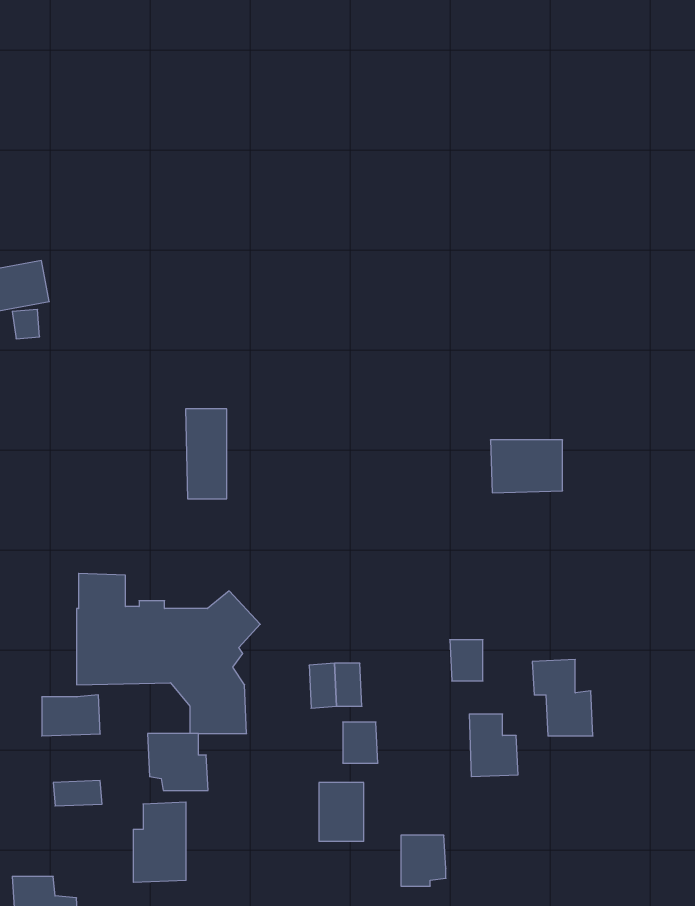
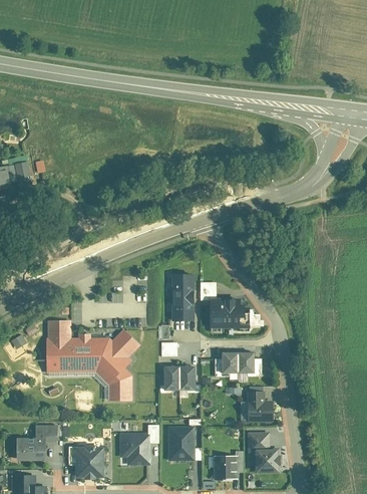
building: [186,409,227,499] -> [172,273,194,319]
building: [490,440,563,493] -> [211,299,248,326]
building: [532,660,593,736] -> [249,433,280,472]
building: [42,695,100,736] -> [17,438,47,459]
building: [343,722,378,763] -> [221,353,239,375]
building: [148,734,208,790] -> [120,434,151,463]

